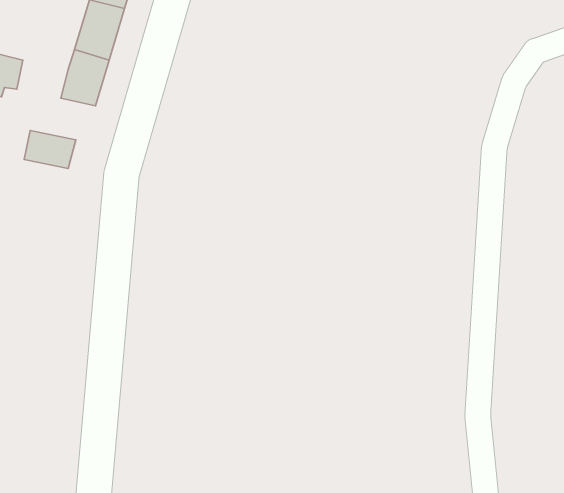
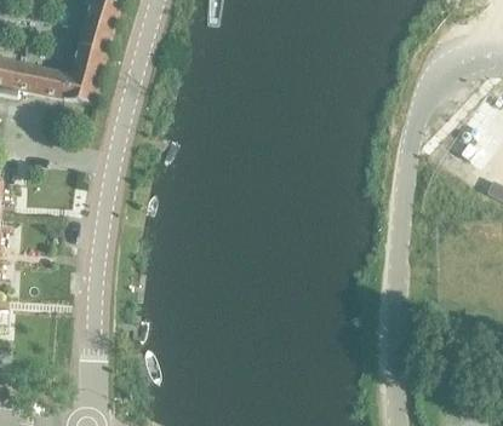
building: [24,131,76,169] -> [22,67,63,97]

